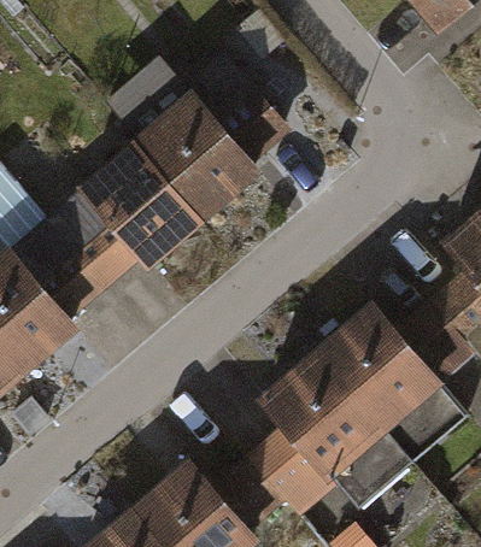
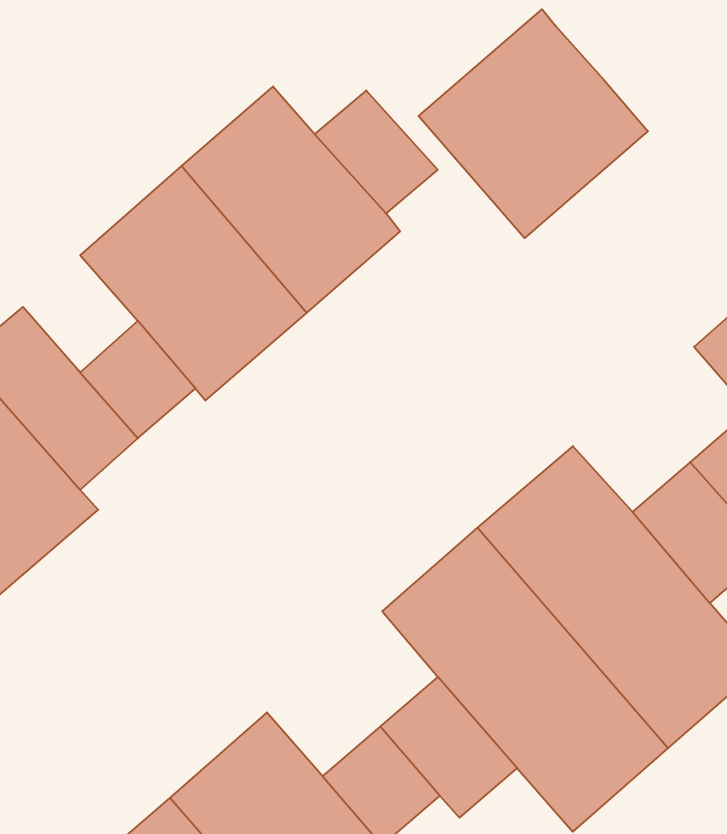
building: none -> [419,9,648,238]

